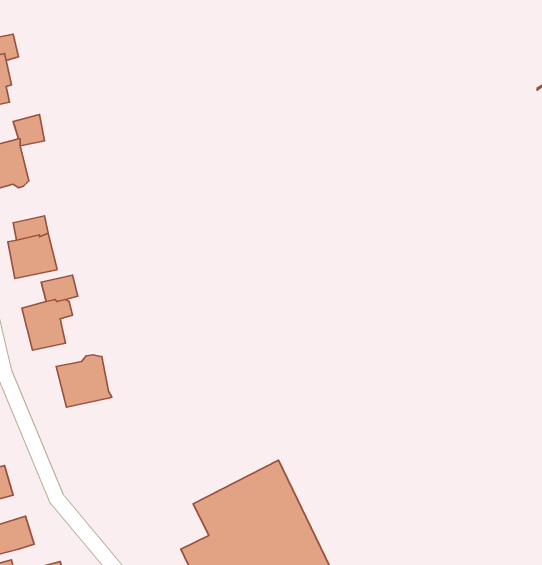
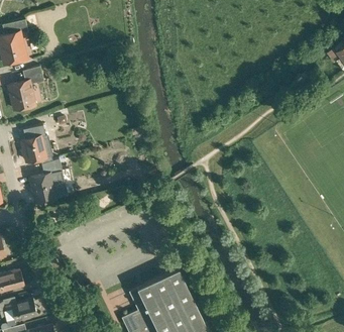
building: [56,355,112,407] -> none

